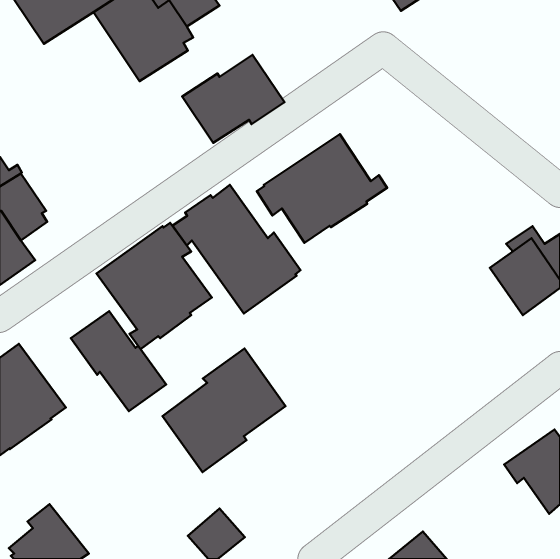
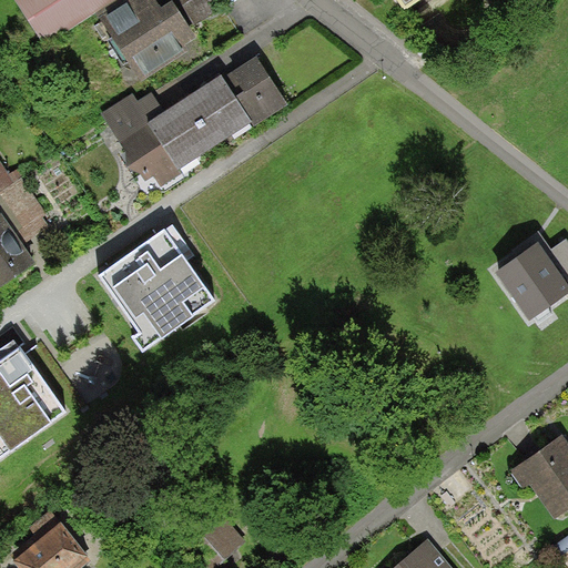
building: none -> [101,91,215,186]
building: [257,134,387,243] -> none
building: [172,185,300,314] -> none
building: [71,311,166,411] -> none
building: [163,349,285,472] -> none

